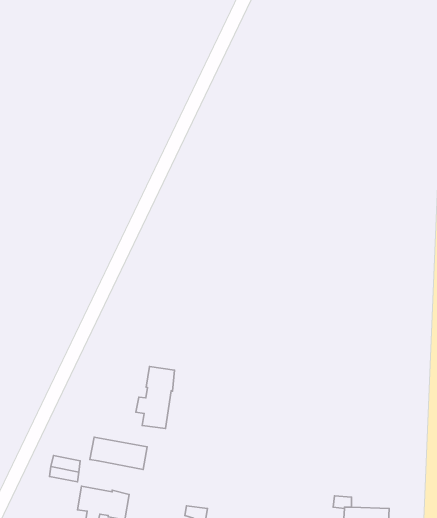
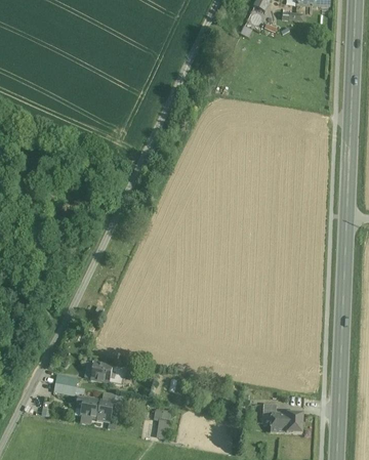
building: [136,367,175,429] -> none

